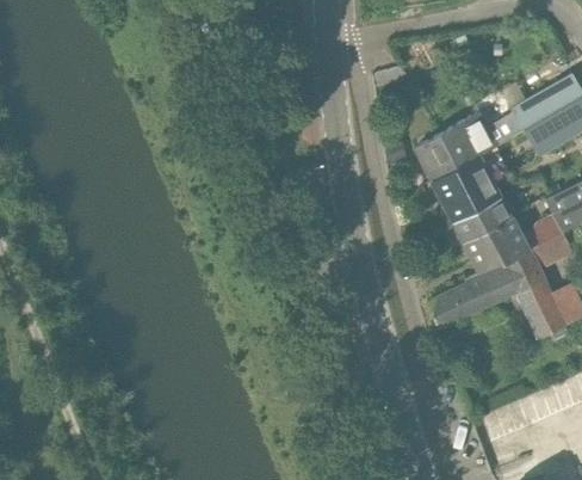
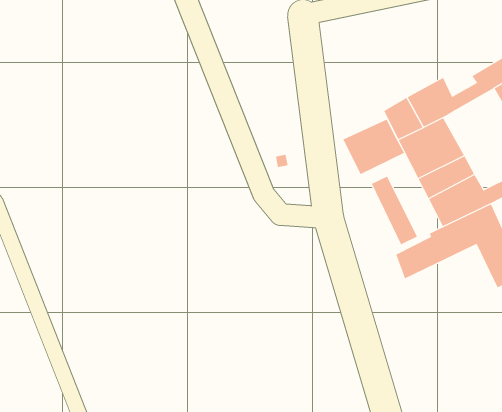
building: none -> [343,119,405,175]
building: none -> [371,176,418,245]

